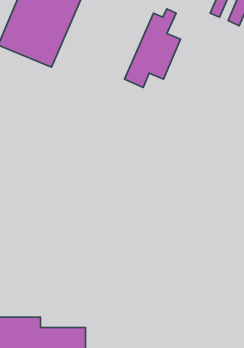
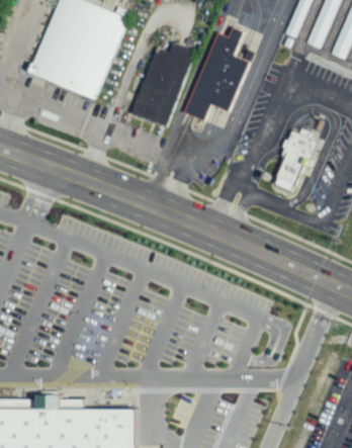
building: none -> [130,44,193,127]
building: none -> [277,126,320,184]

